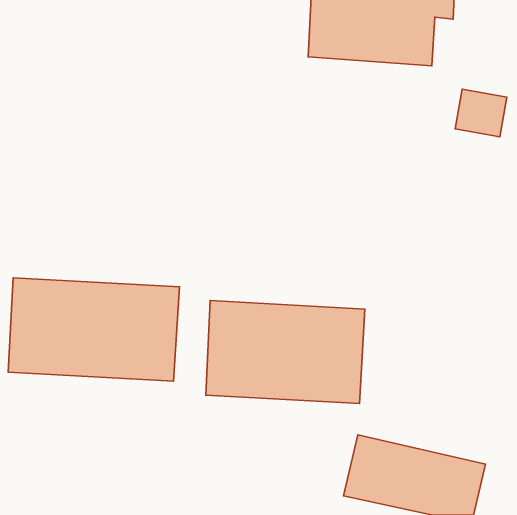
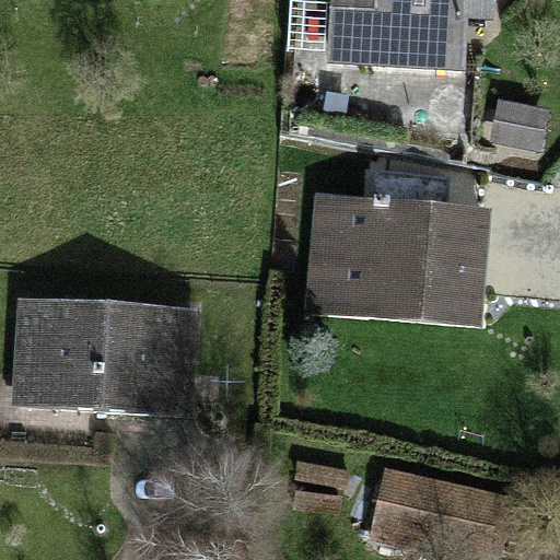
building: none -> [304,202,480,324]
building: [206,301,365,404] -> none

